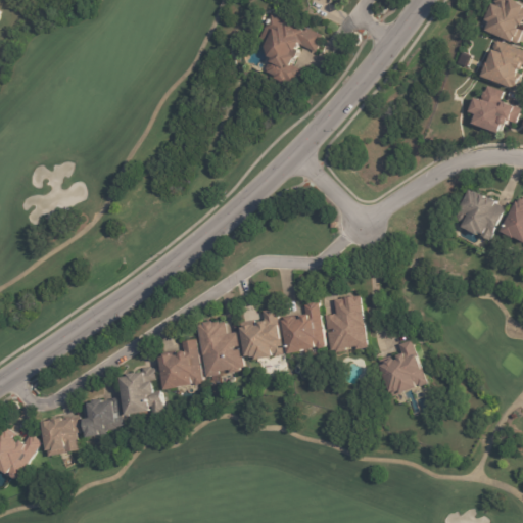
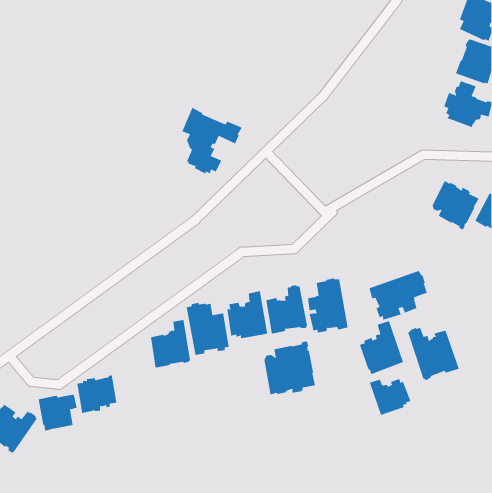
building: [257,13,322,84] -> [181,107,242,174]
building: none -> [369,270,427,321]
building: none -> [408,327,460,381]
building: none -> [264,341,316,395]
building: [118,365,163,414] -> none
building: none -> [369,378,411,416]

